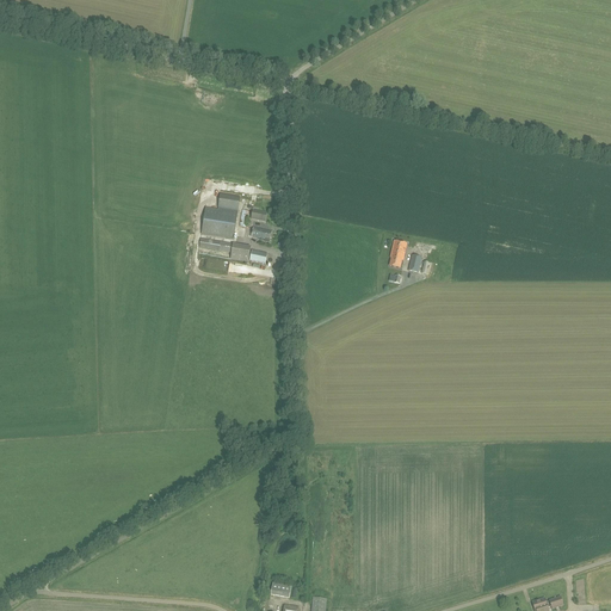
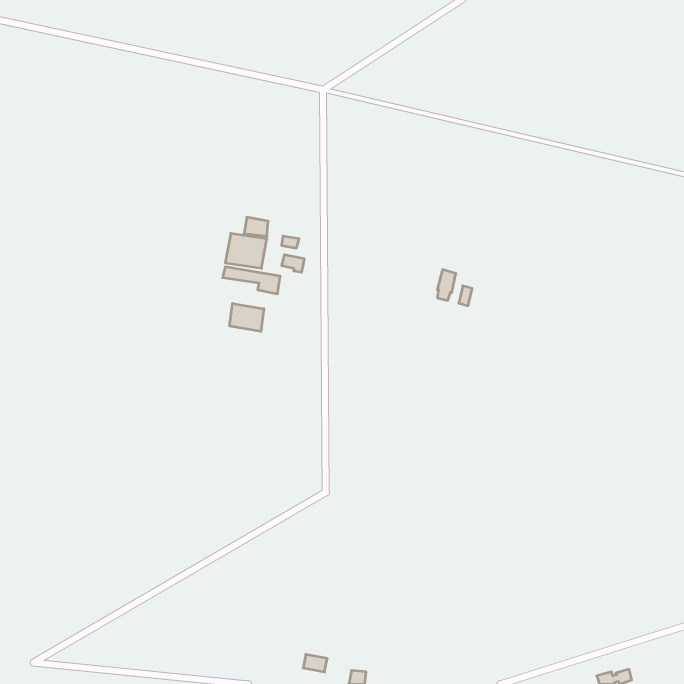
building: none -> [230,303,264,331]

